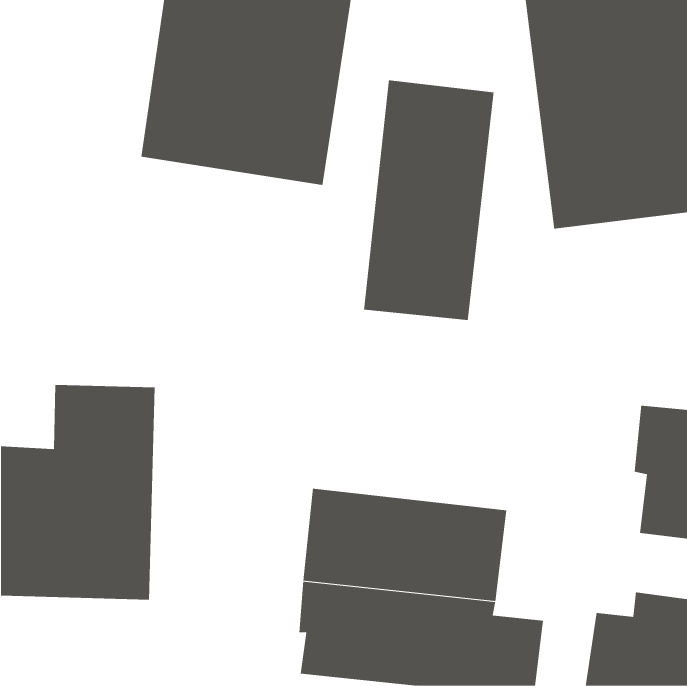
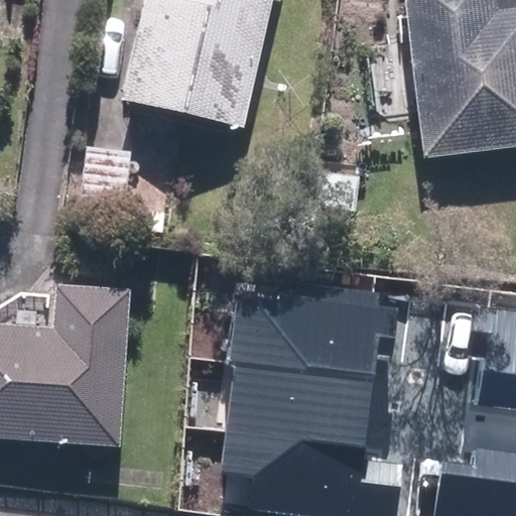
building: [364,79,494,321] -> none
building: none -> [238,275,404,377]

